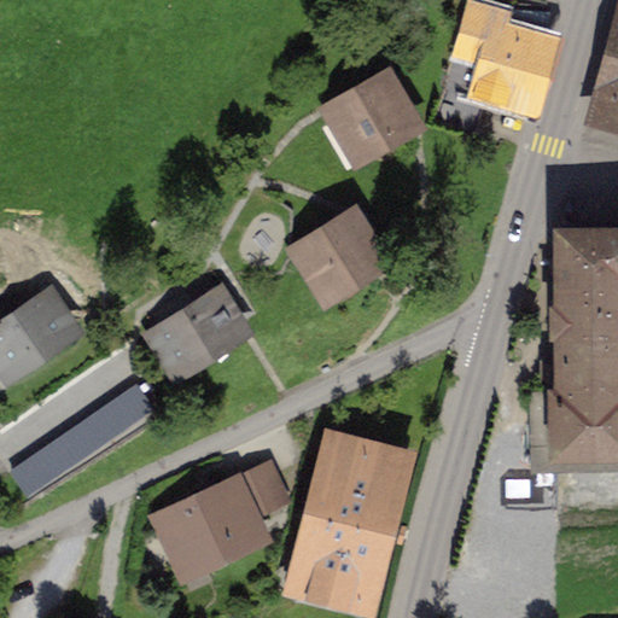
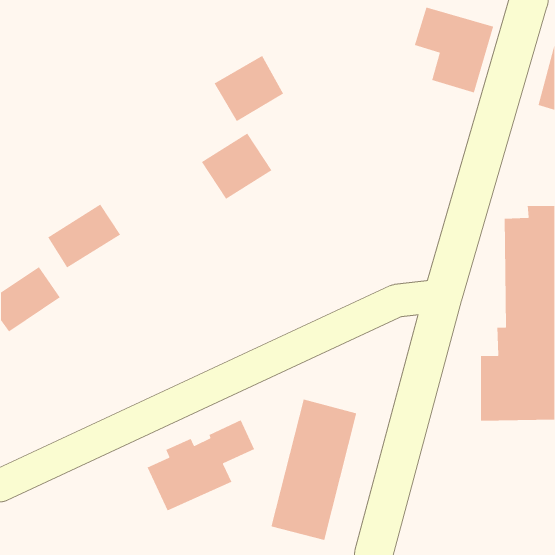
building: [332,80,410,154] -> [214,55,284,122]
building: [299,218,379,293] -> [201,132,273,200]
building: [156,296,238,368] -> [47,203,121,269]
building: [11,386,153,496] -> none

